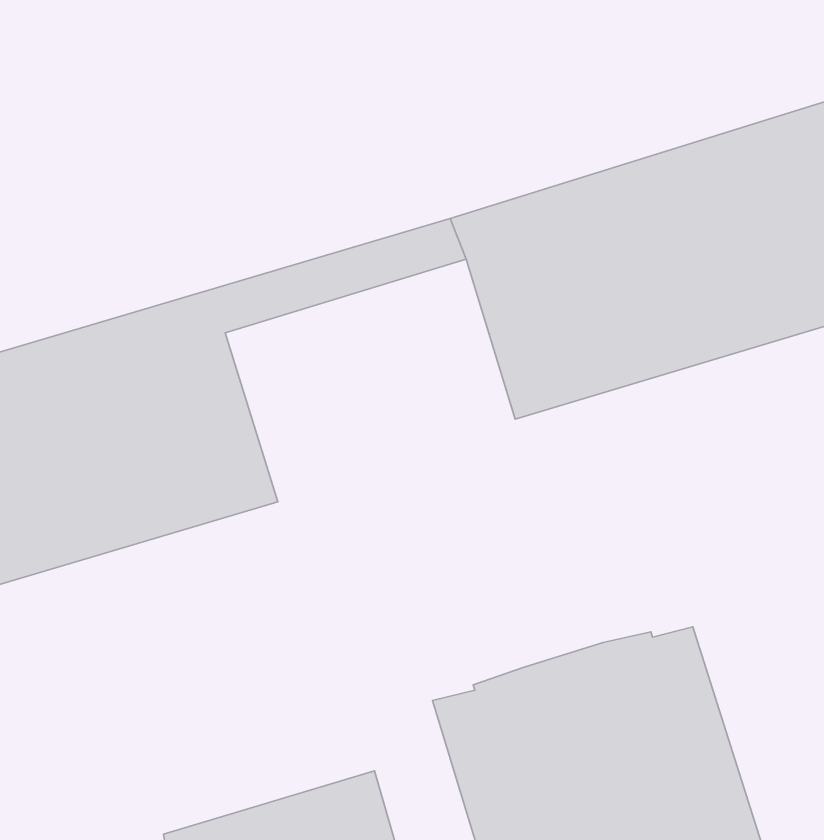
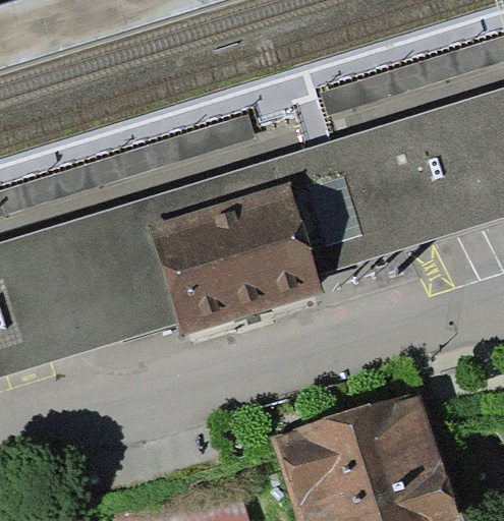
building: none -> [152,181,325,334]

